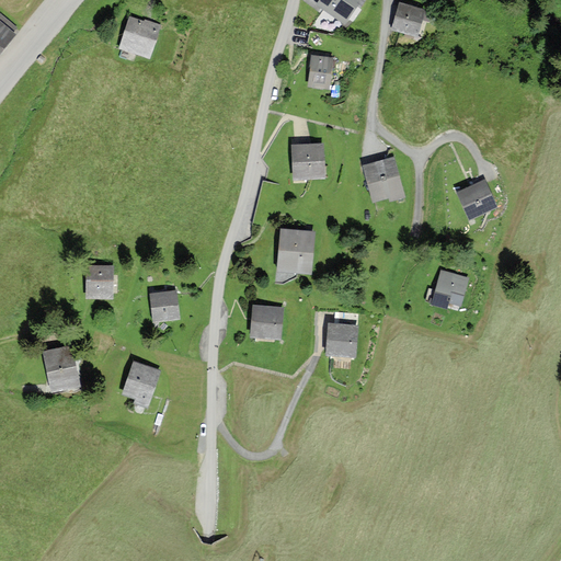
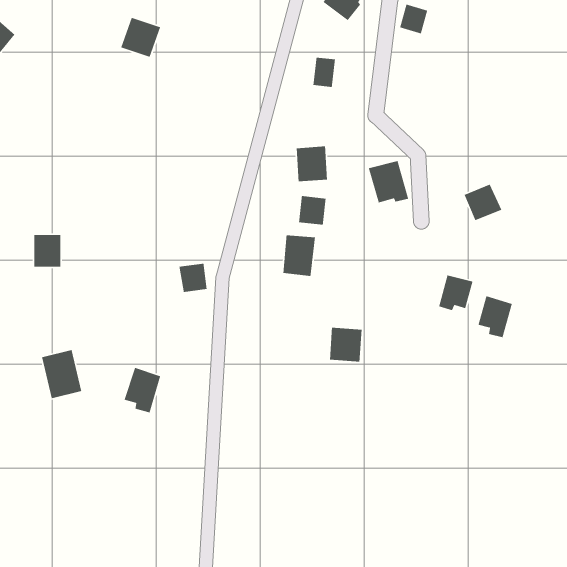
building: none -> [298,195,327,226]
building: [85,265,113,298] -> [33,234,61,268]
building: none -> [478,295,513,338]
building: [149,291,178,321] -> [179,263,208,293]
building: [249,305,283,340] -> none

